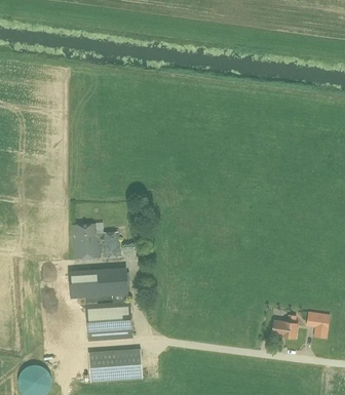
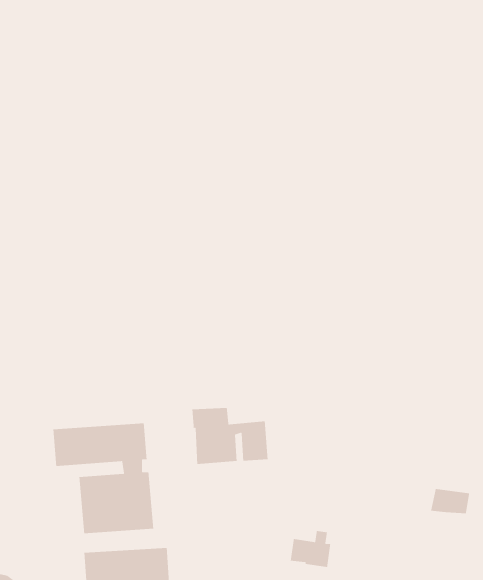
building: [72,223,120,259] -> [191,407,269,465]
building: [272,314,298,338] -> [290,530,331,568]

